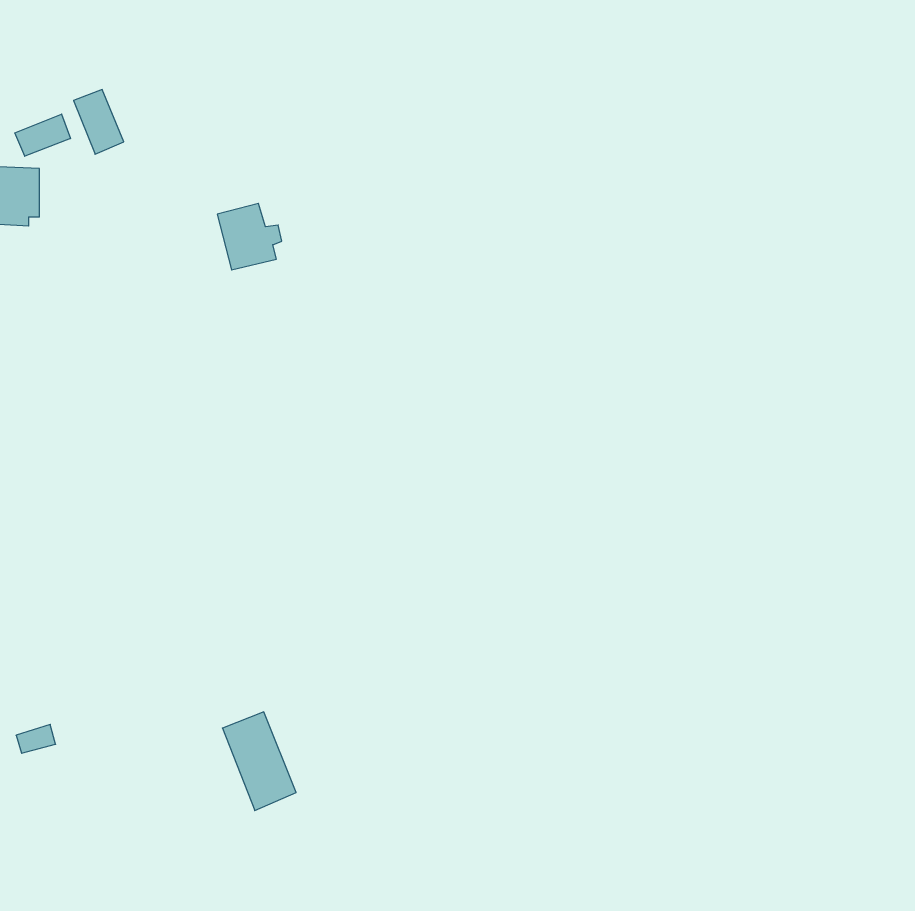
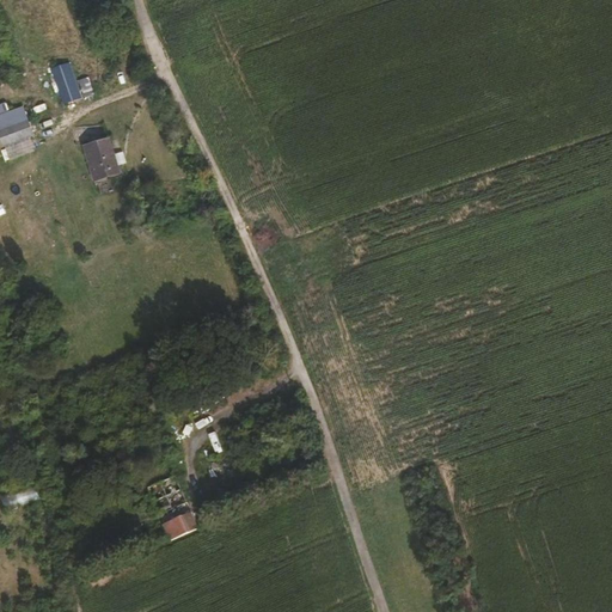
building: [15,114,70,156] -> none
building: [217,203,282,270] -> [82,136,126,180]

